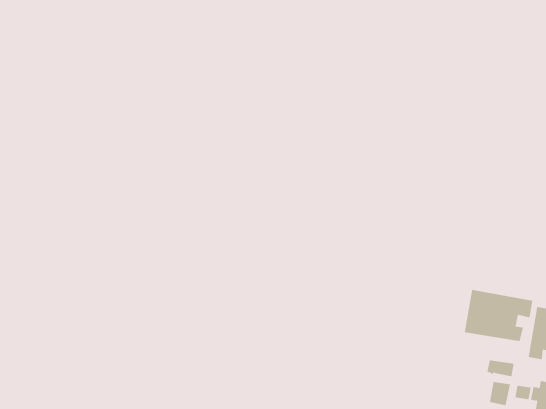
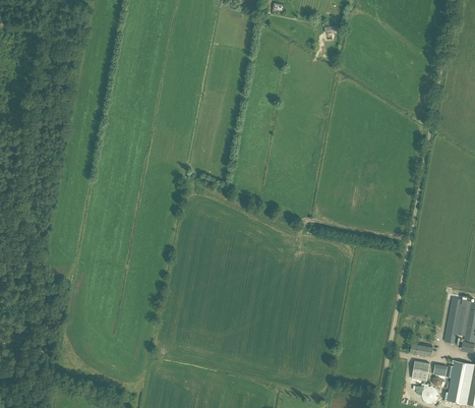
building: [464,289,533,342] -> none

